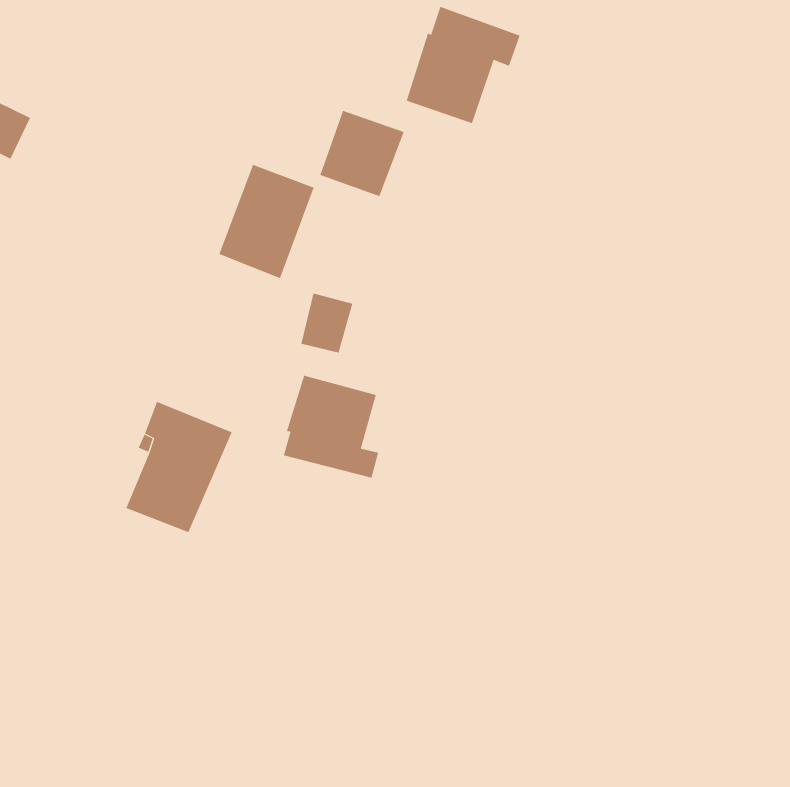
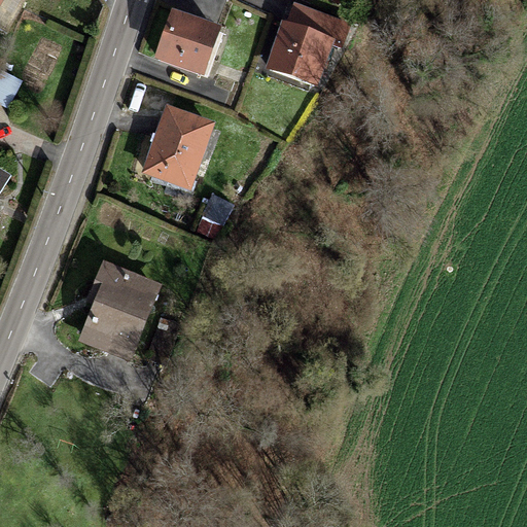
building: [319,110,405,197] -> [159,14,215,72]
building: [283,375,379,479] -> none

